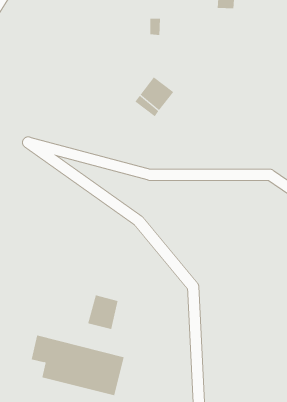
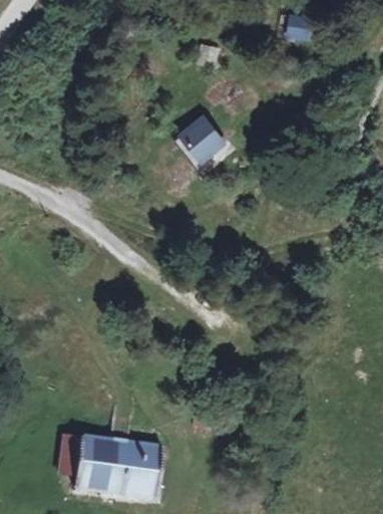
building: [88,295,118,330] -> none

